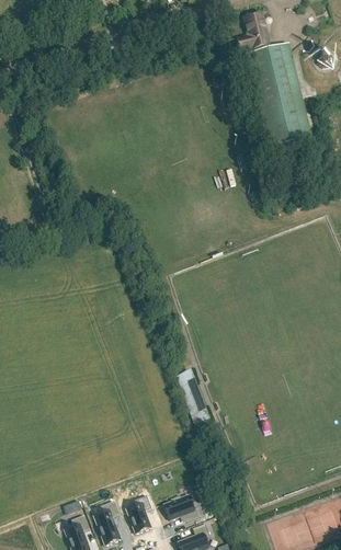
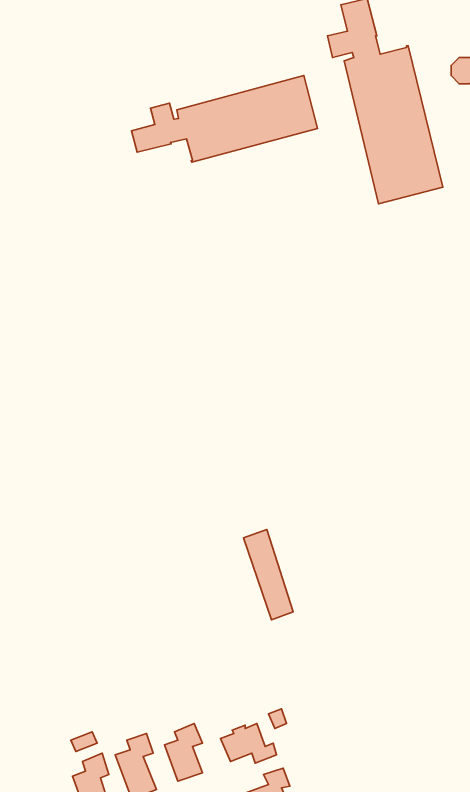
building: none -> [131,76,317,162]

